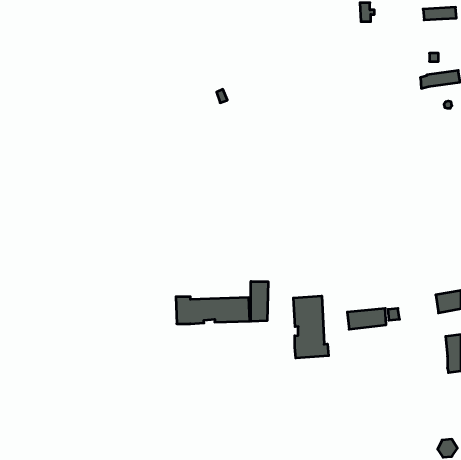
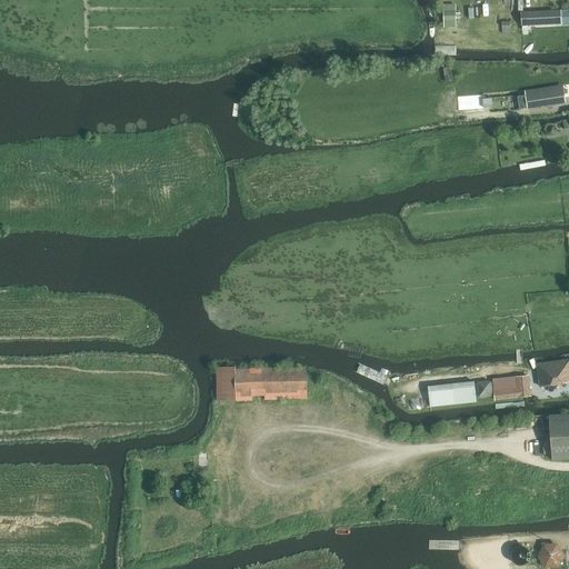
building: [251,281,268,321] -> none
building: [293,296,329,358] -> none
building: none -> [493,373,532,399]

